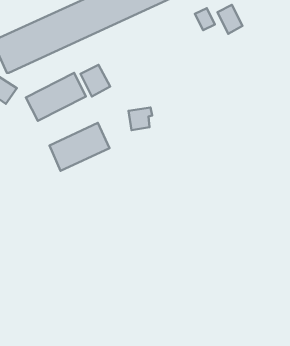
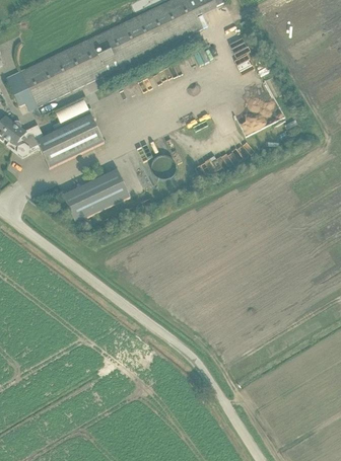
building: [218,5,242,34] -> none
building: [81,65,110,97] -> none

